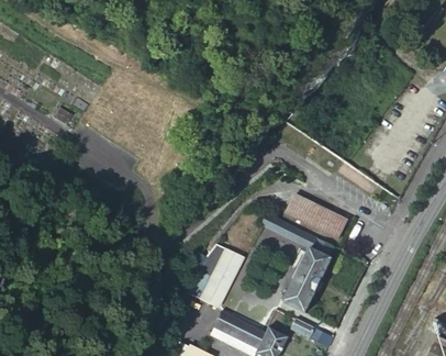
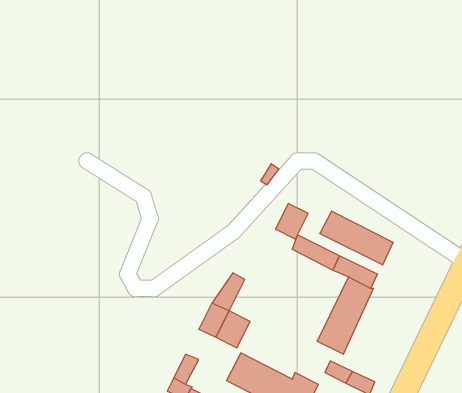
building: none -> [276,203,308,239]
building: [212,251,243,286] -> none

